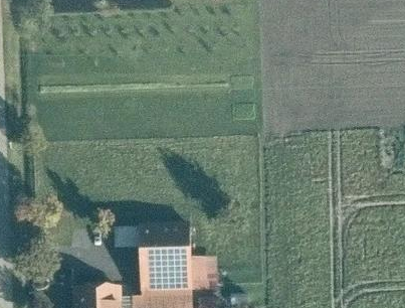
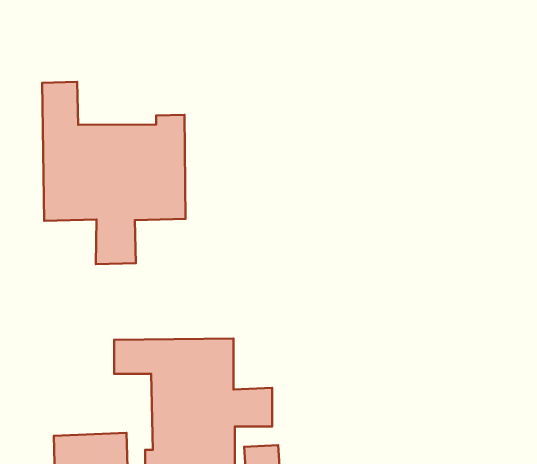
building: none -> [42,82,186,264]

